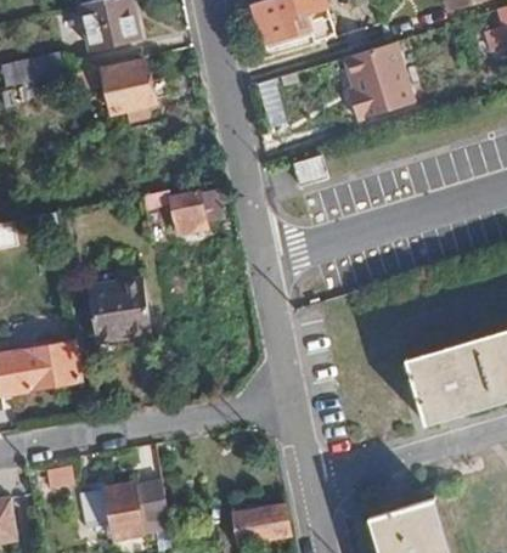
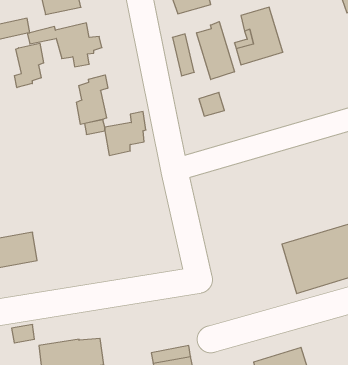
building: none -> [197,22,234,80]
building: none -> [15,43,44,88]
building: none -> [76,75,108,124]
building: [88,278,151,345] -> none

